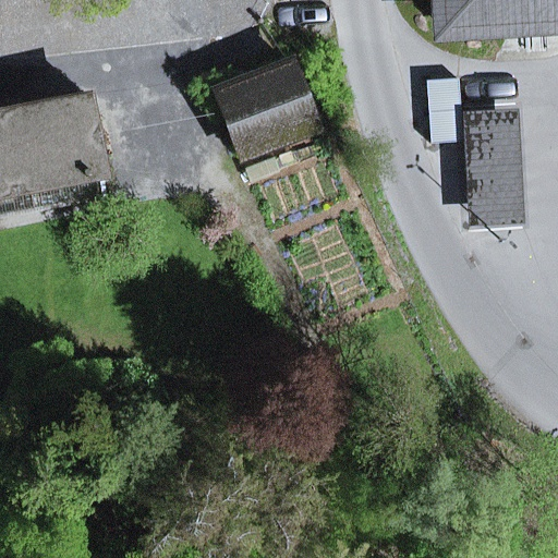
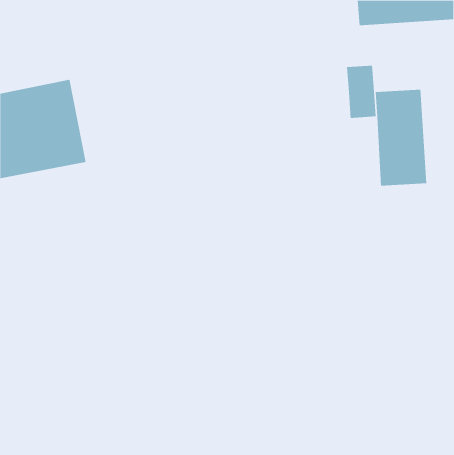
building: [218,64,314,155] -> none

